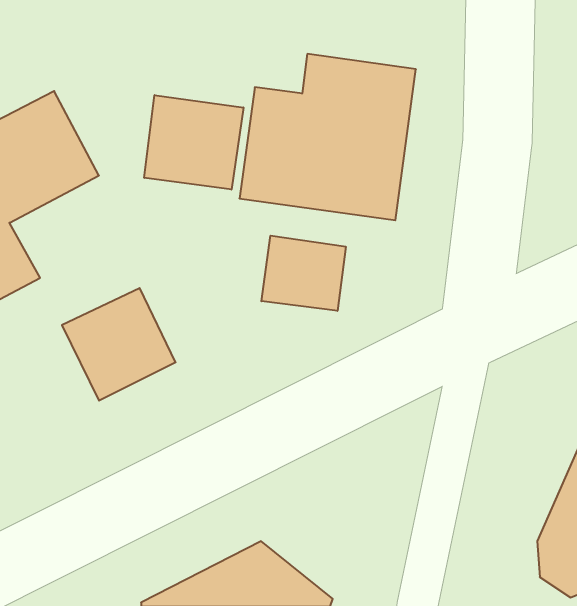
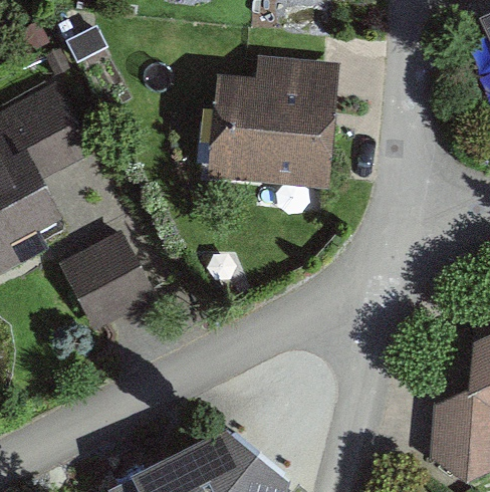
building: [144,95,243,190] -> none
building: [261,236,346,311] -> none

